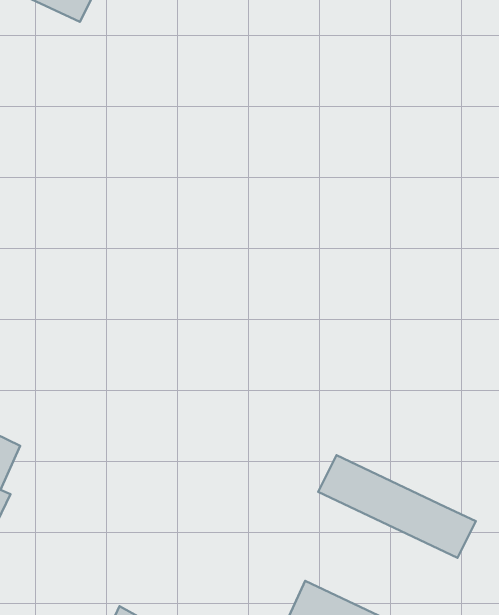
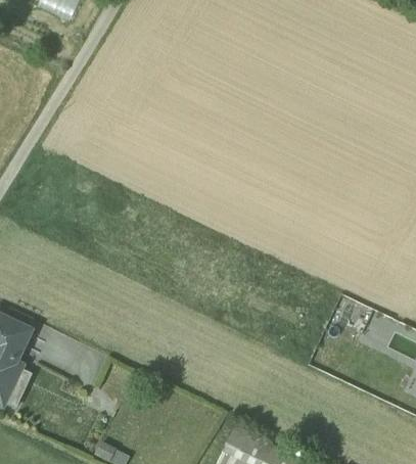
building: [318,455,476,558] -> none

